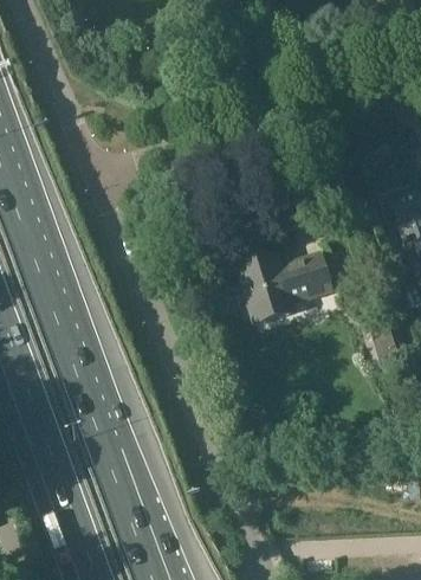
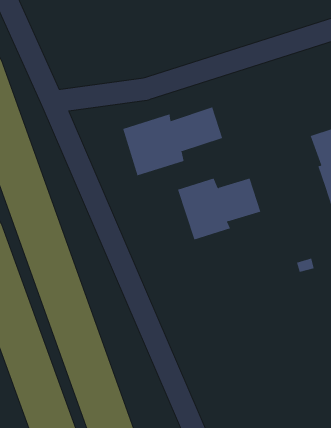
building: none -> [123,107,223,176]

